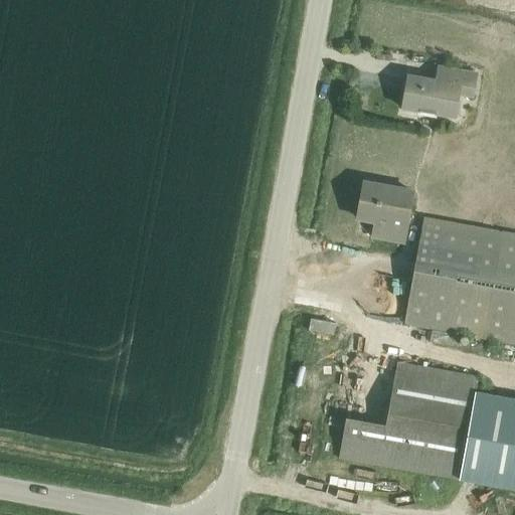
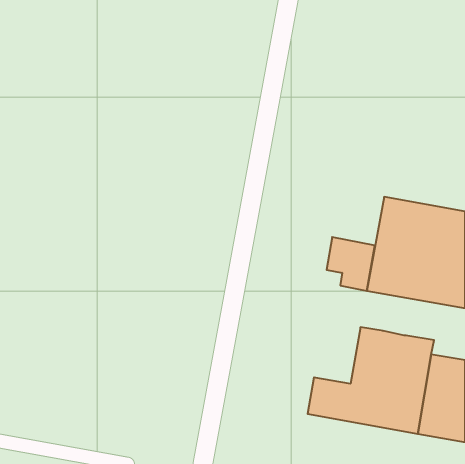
building: [403,66,477,117] -> none
building: [359,182,412,241] -> [327,237,375,291]

